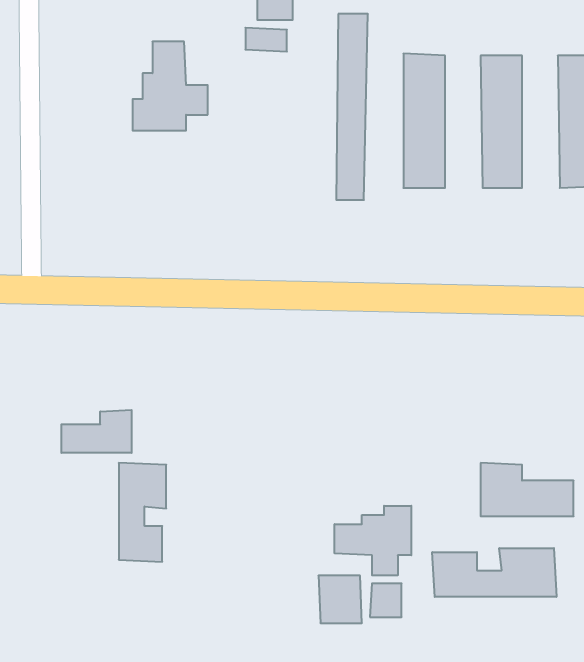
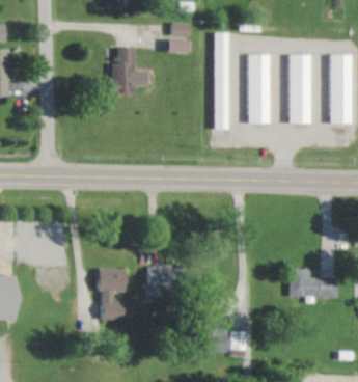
building: [61,410,132,453] -> none
building: none -> [145,268,168,290]
building: [335,506,411,575] -> none
building: [432,548,556,597] -> none

